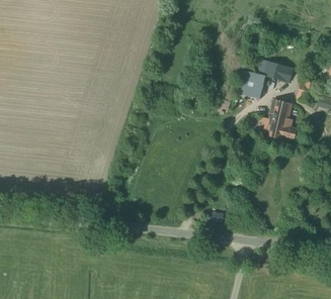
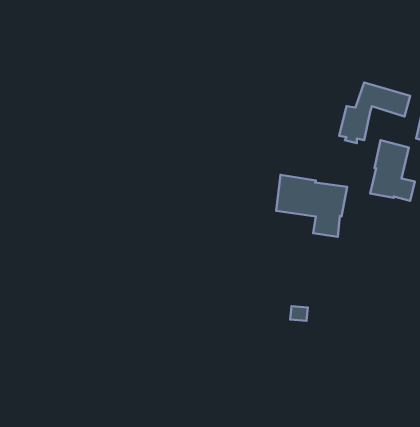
building: none -> [276,175,347,237]

